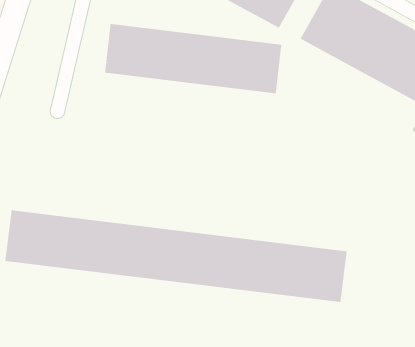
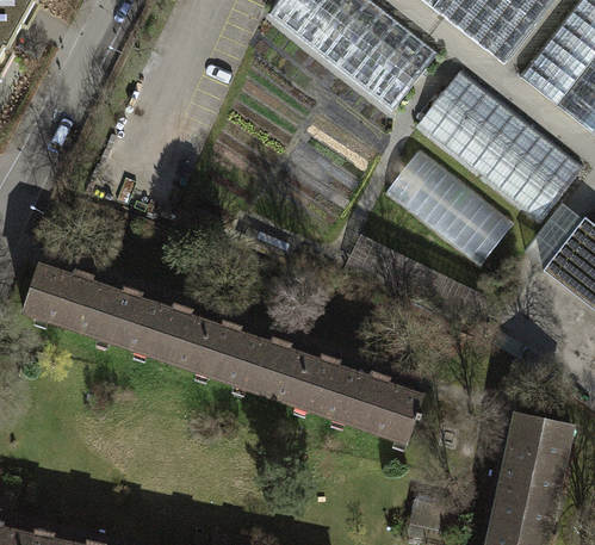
building: [104,23,282,94] -> none
building: none -> [390,153,517,268]

